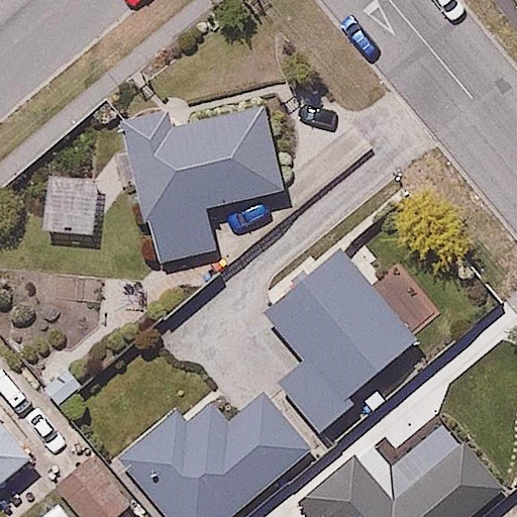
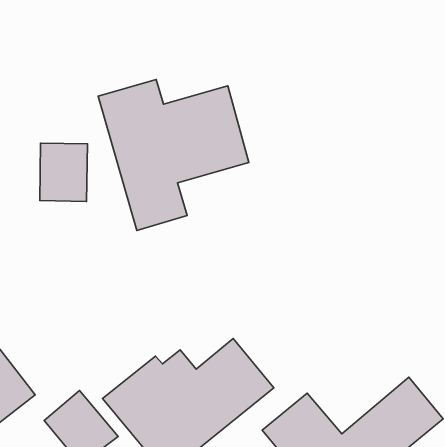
building: [266,249,412,440] -> none

